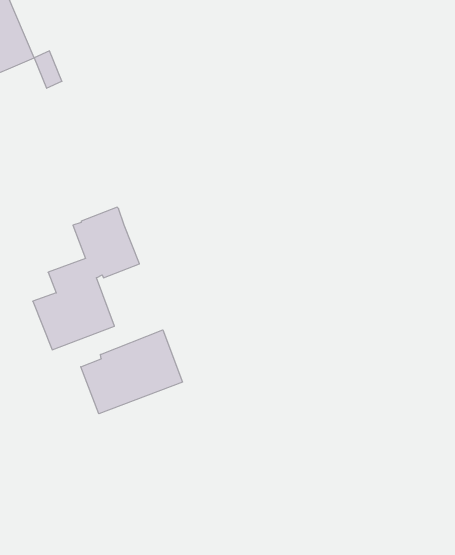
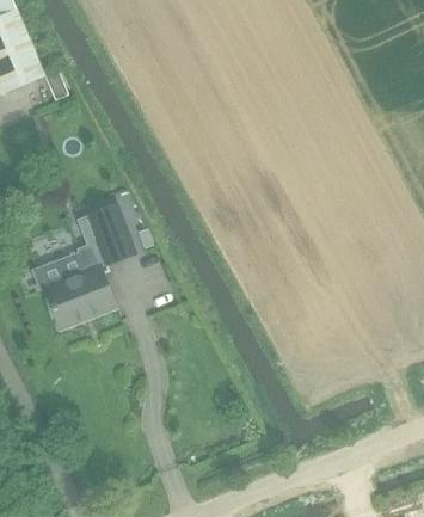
building: [81,330,182,414] -> none

